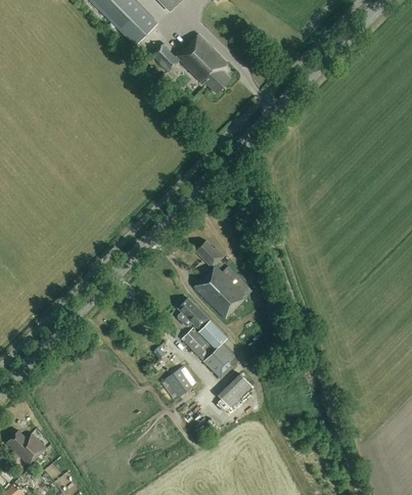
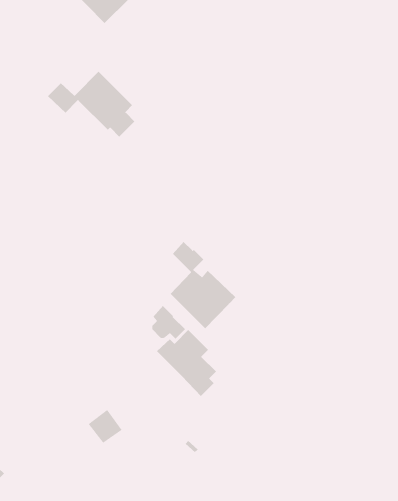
building: [151,34,230,93] -> [47,71,135,137]
building: [166,366,196,397] -> [88,409,122,444]
building: [218,373,251,407] -> none

